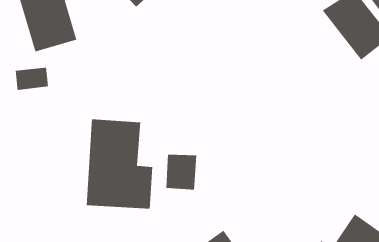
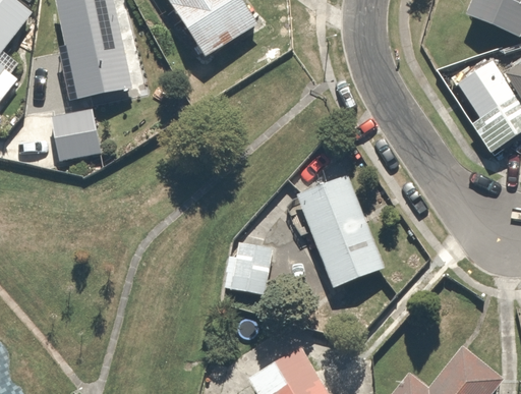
building: none -> [300,176,385,288]
building: [86,119,153,210] -> none

